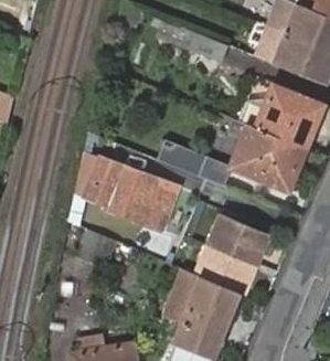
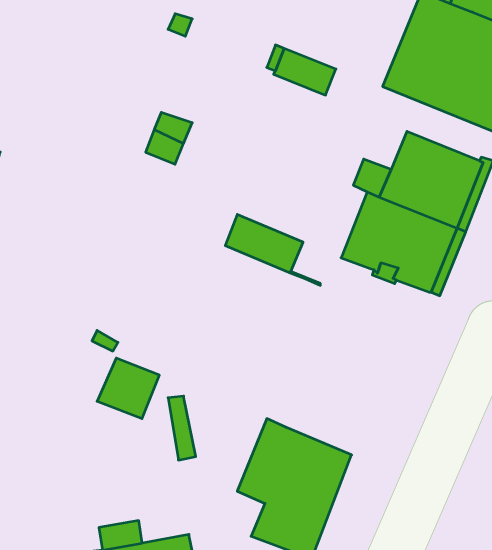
building: [84,156,179,230] -> none
building: [195,213,269,295] -> none

